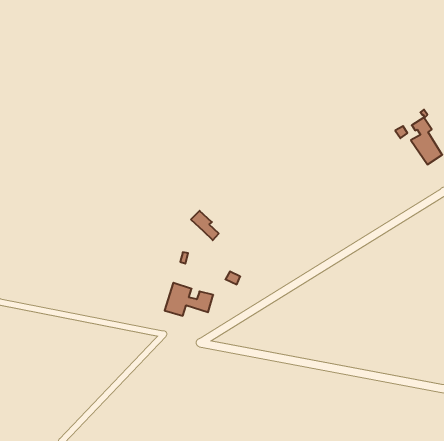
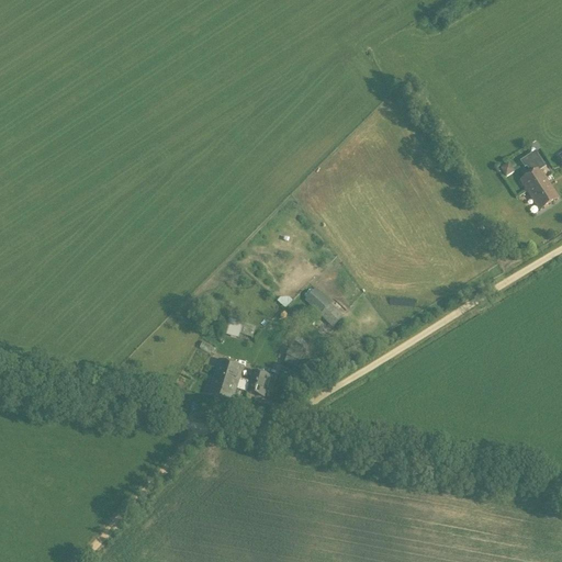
building: [191,211,219,240] -> [304,285,339,323]

